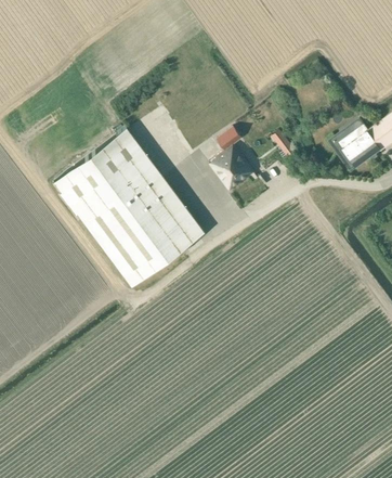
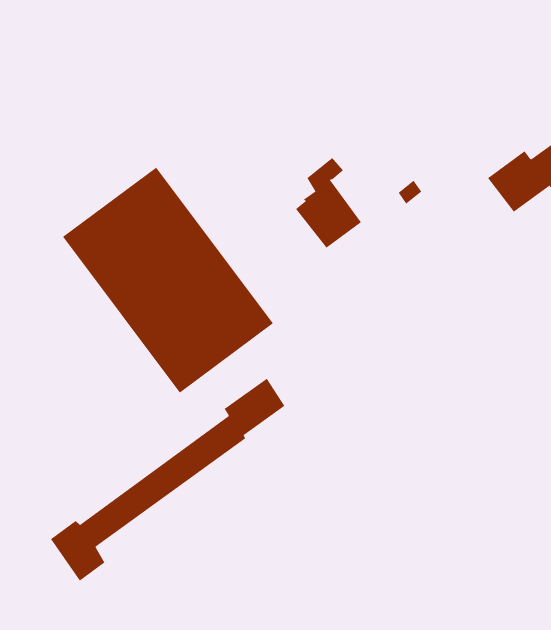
building: none -> [50,378,285,581]

